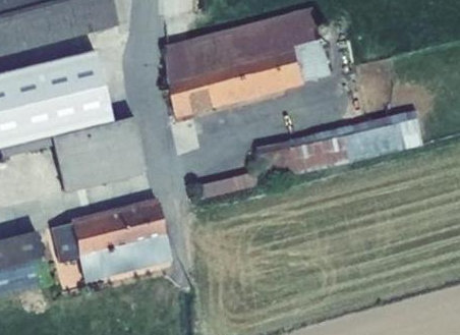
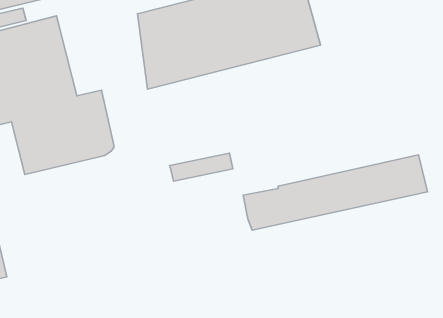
building: [257,110,424,178] -> [243,155,428,230]
building: [50,201,170,279] -> none

